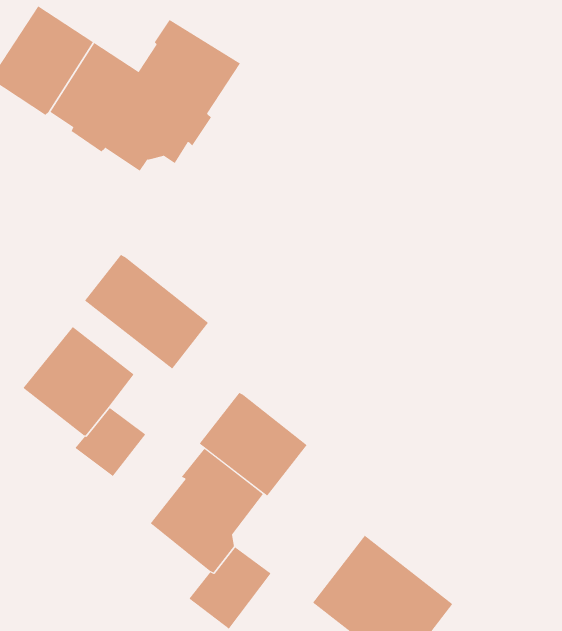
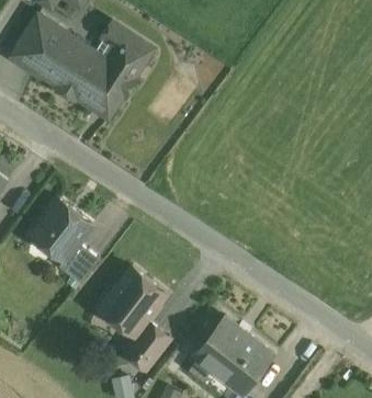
building: [84,254,209,369] -> none
building: [199,392,307,497] -> none

